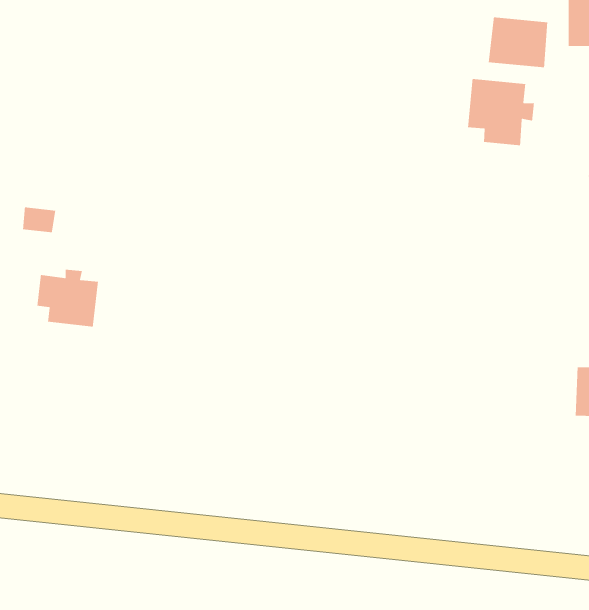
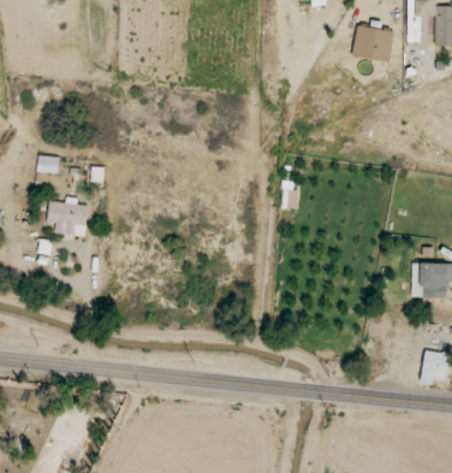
building: [467,78,535,146] -> none

